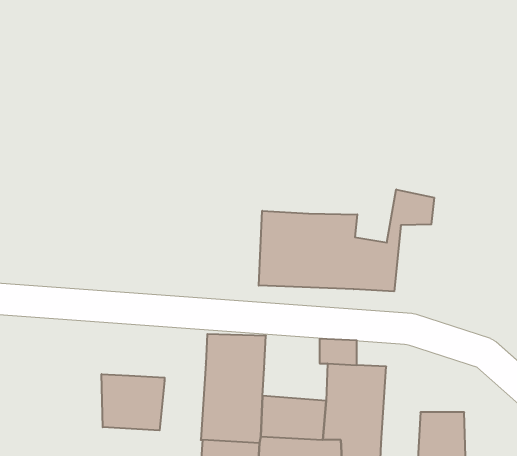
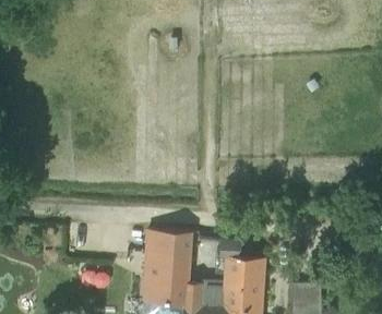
building: [259,189,434,291] -> none
building: [102,374,165,430] -> none

